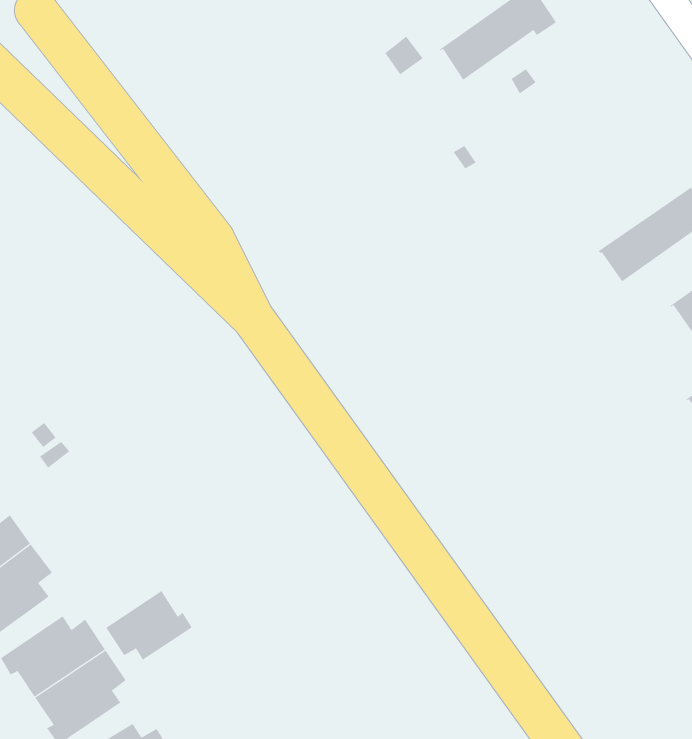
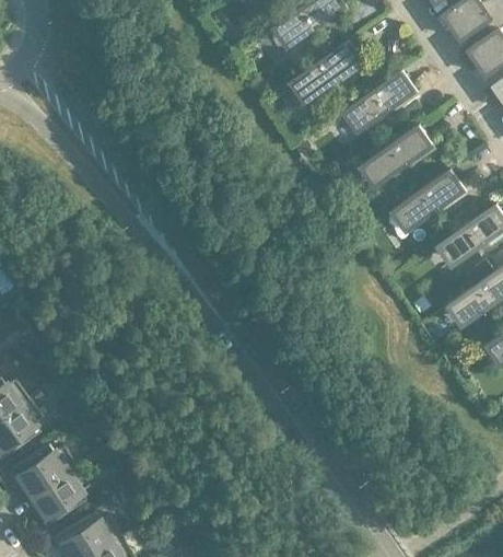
building: none -> [343,71,419,132]
building: none -> [360,126,436,187]
building: [105,590,193,660] -> none

